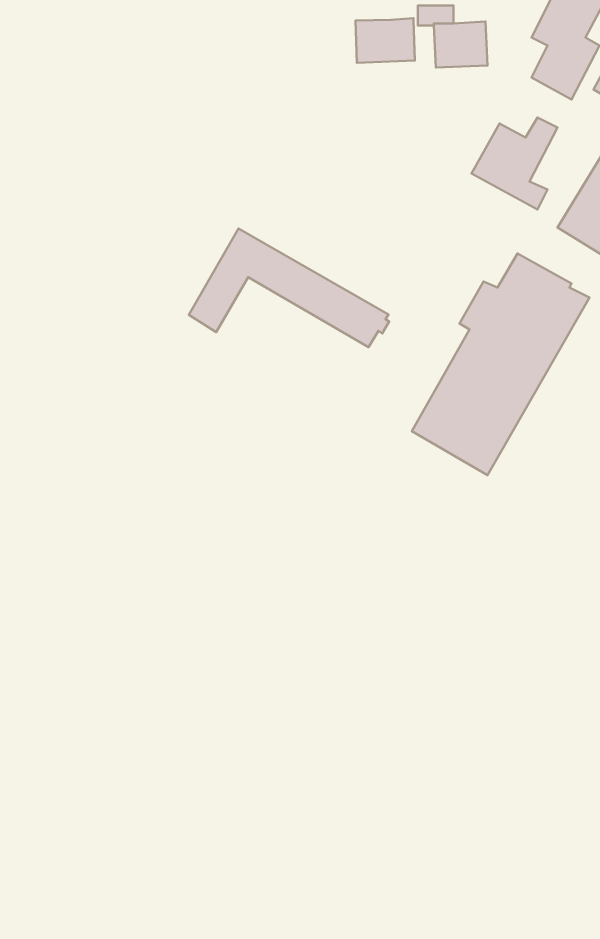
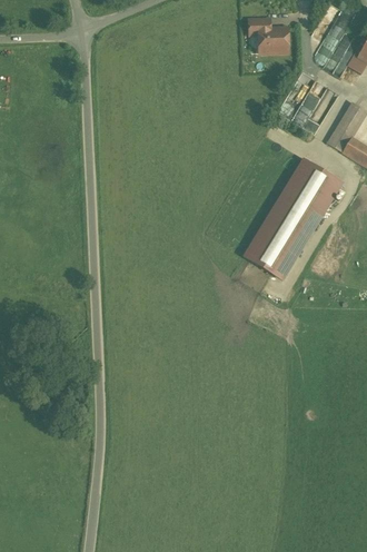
building: [355,18,415,63] -> none
building: [189,229,389,347] -> none

